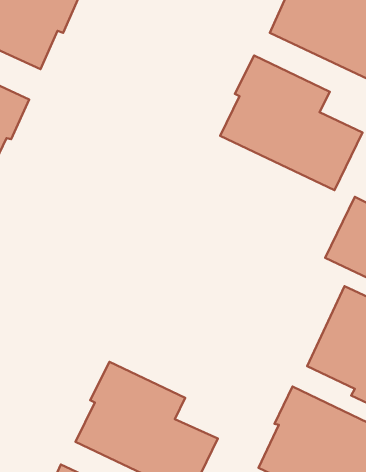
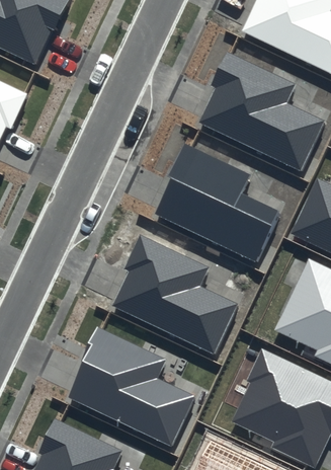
building: none -> [154,142,281,262]
building: none -> [111,234,238,355]

